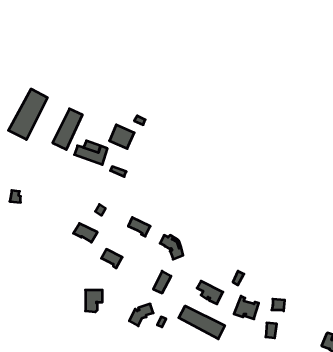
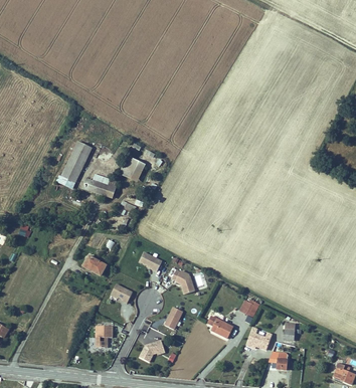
building: [8,89,47,140] -> none
building: [179,306,225,339] -> none

